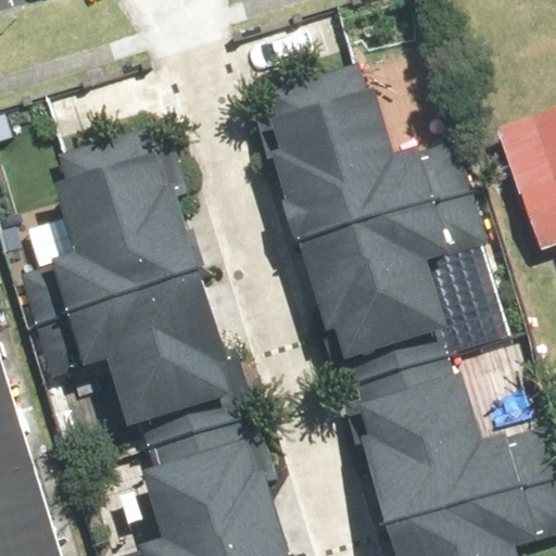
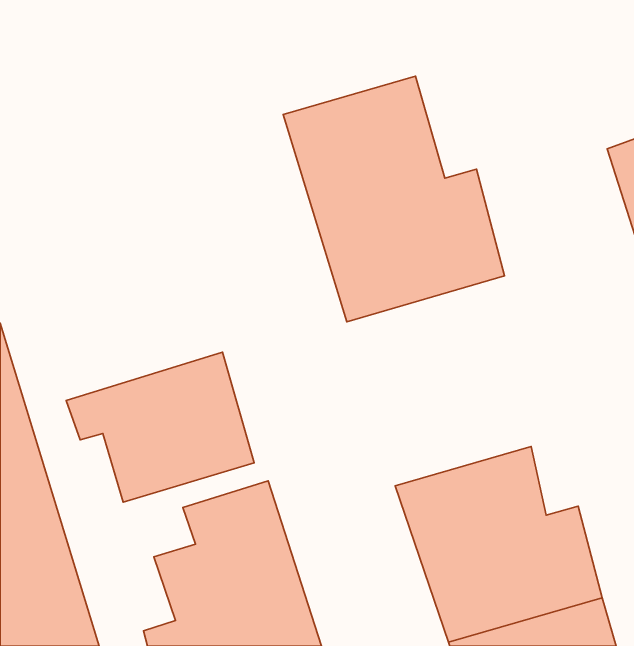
building: [46,139,203,342] -> none
building: [309,236,467,415] -> none

